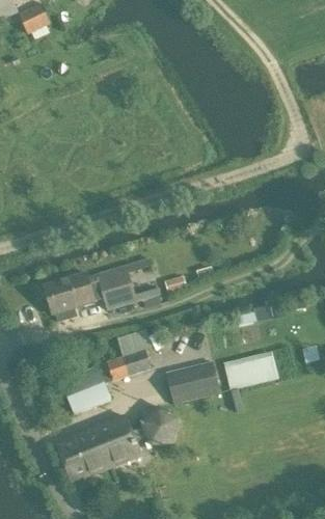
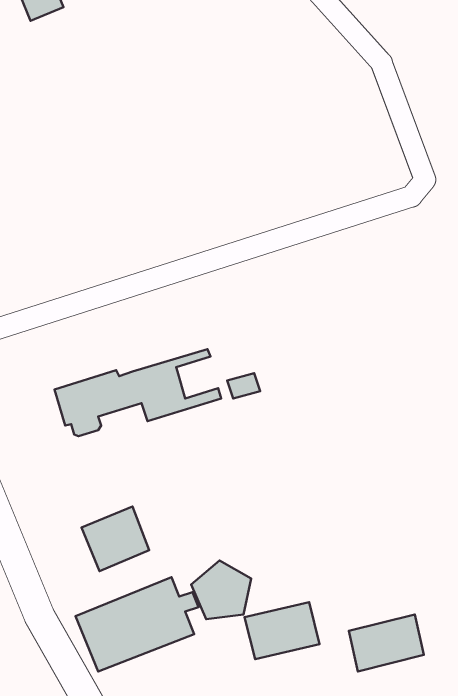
building: [108,331,153,380] -> none
building: [225,351,277,390] -> [349,614,424,671]
building: [167,363,219,403] -> [245,602,320,659]

